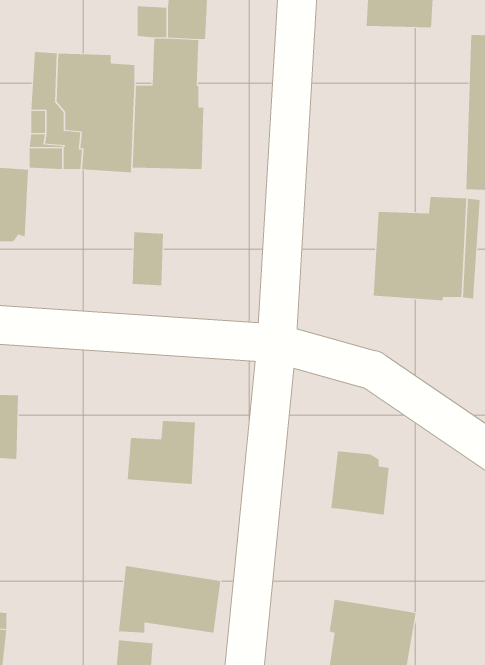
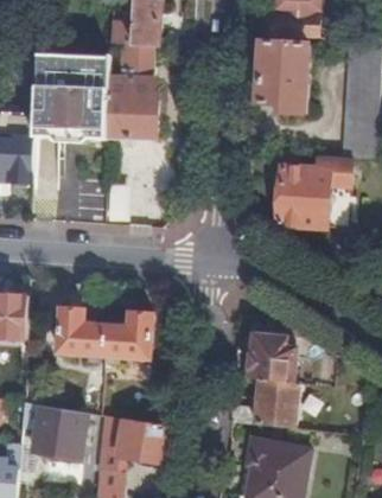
building: none -> [261,42,311,114]
building: none -> [58,308,107,355]
building: none -> [229,376,298,427]
building: none -> [23,403,88,459]

